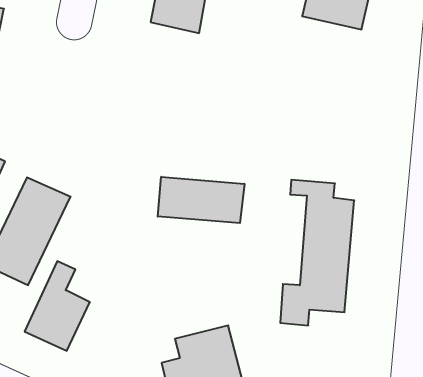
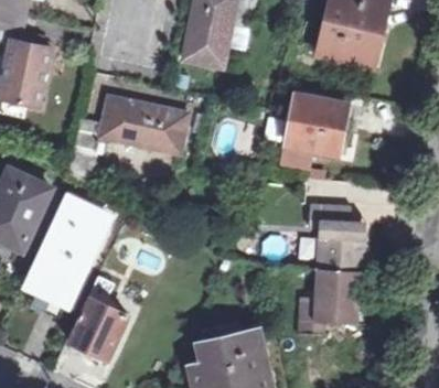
building: none -> [287,96,347,154]
building: none -> [67,97,186,177]
building: [158,177,244,223] -> none

